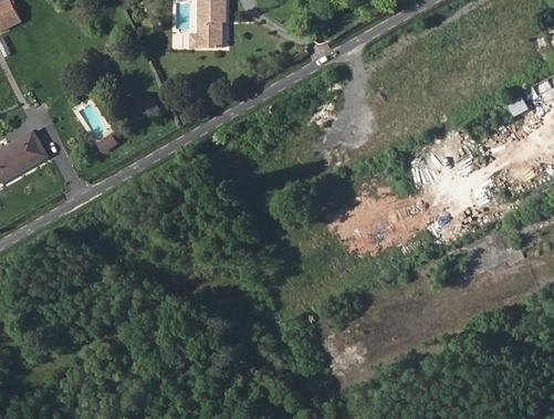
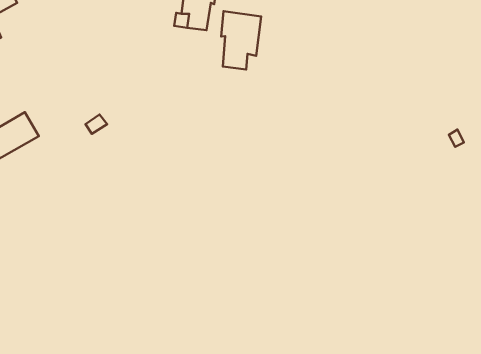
building: none -> [221,11,261,69]

